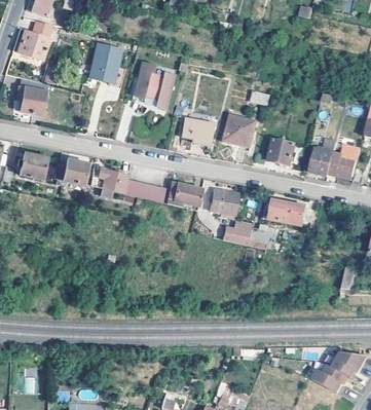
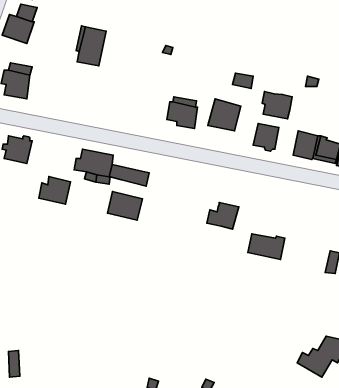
building: [131,60,175,111] -> none
building: none -> [262,92,292,119]
building: [57,157,88,185] -> [39,177,71,204]
building: [166,181,201,210] -> [107,192,142,220]
building: [209,187,240,215] -> none
building: [268,200,305,226] -> [248,234,285,260]

